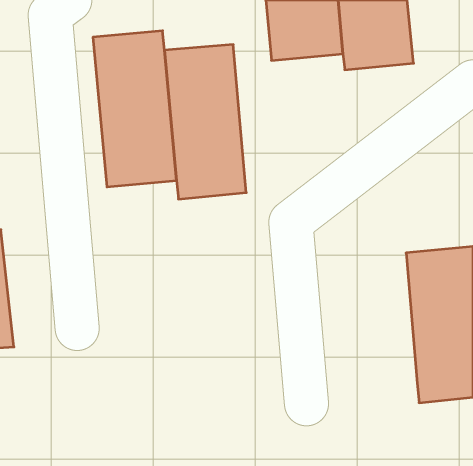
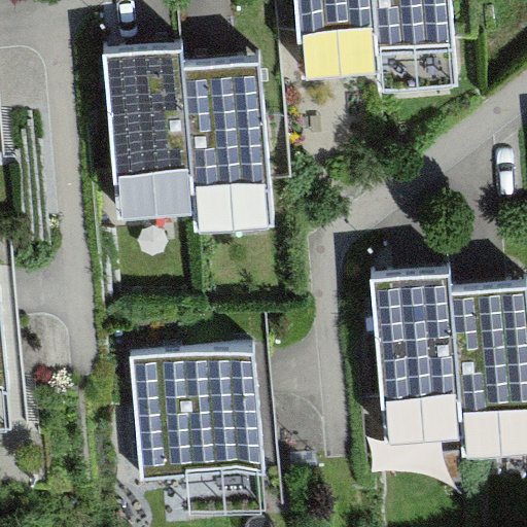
building: none -> [371,270,462,441]
building: none -> [131,349,265,484]

